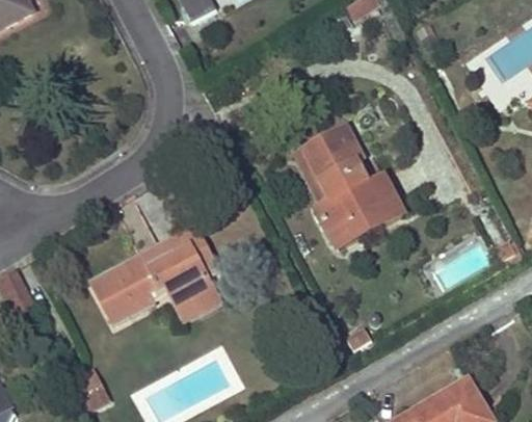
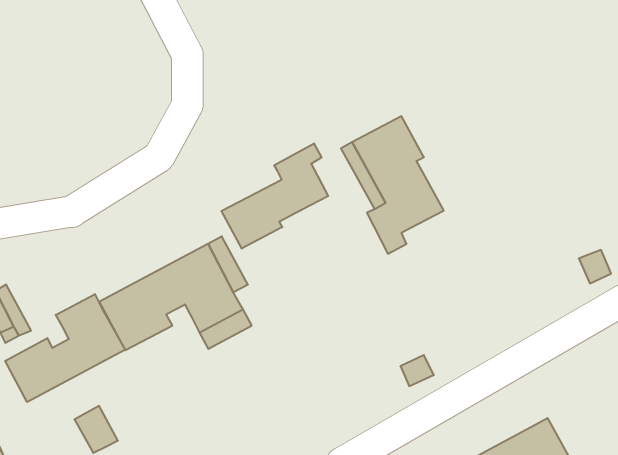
building: none -> [221,143,328,249]
building: [334,174,403,247] -> none
building: none -> [5,294,125,402]

